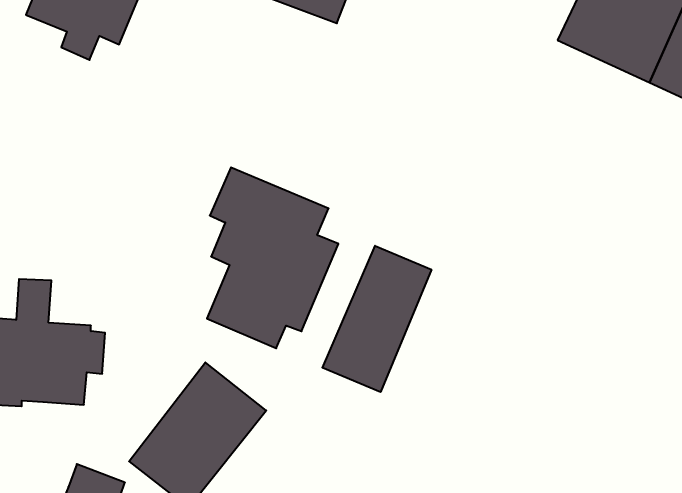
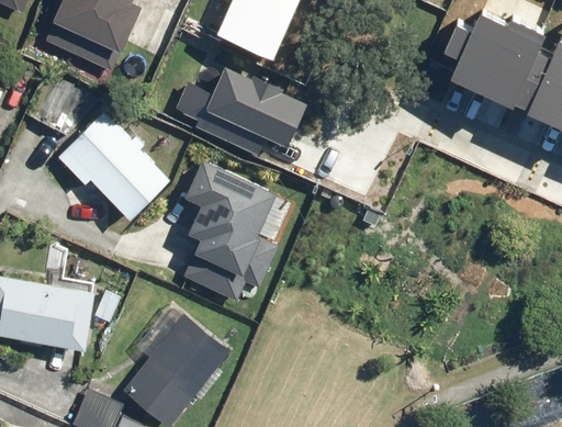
building: none -> [178,61,319,153]
building: none -> [59,114,173,223]
building: [322,246,431,392] -> none

